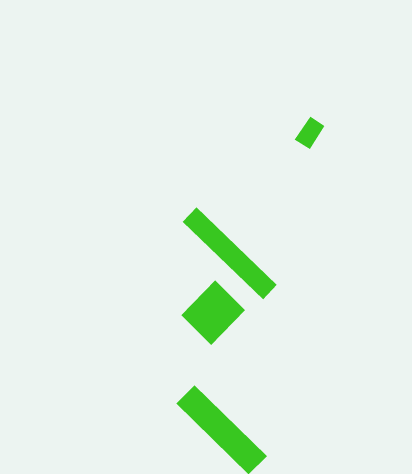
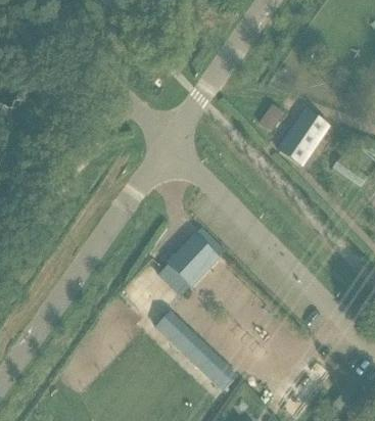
building: none -> [280,109,331,166]
building: [182,206,278,300] -> none

